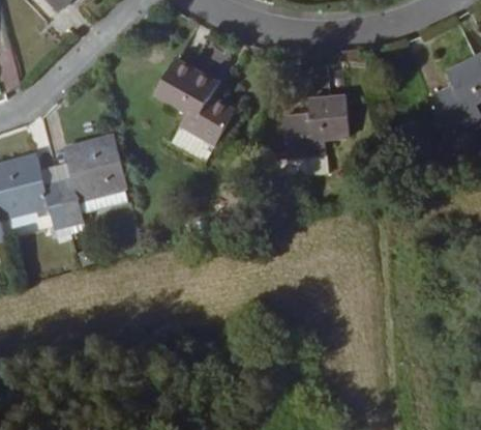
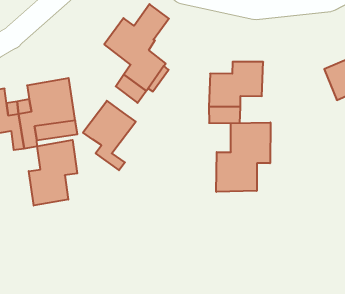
building: none -> [83,101,136,170]
building: none -> [216,122,270,192]
building: none -> [29,140,77,206]

